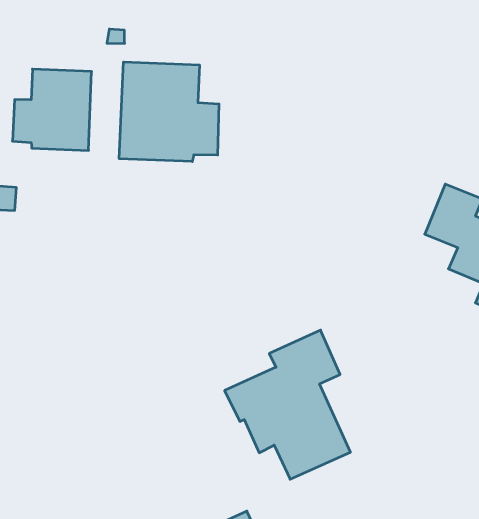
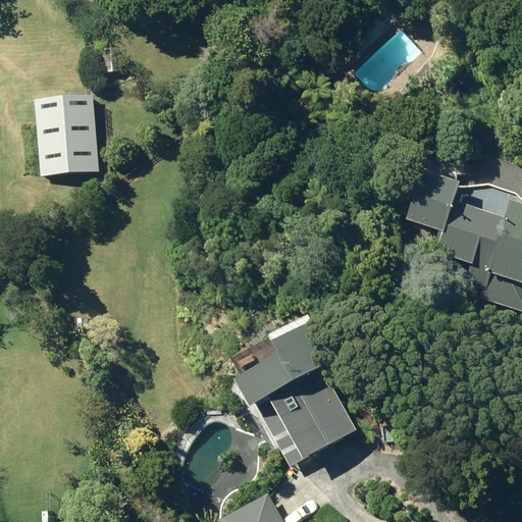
building: [119,62,219,162] -> none

